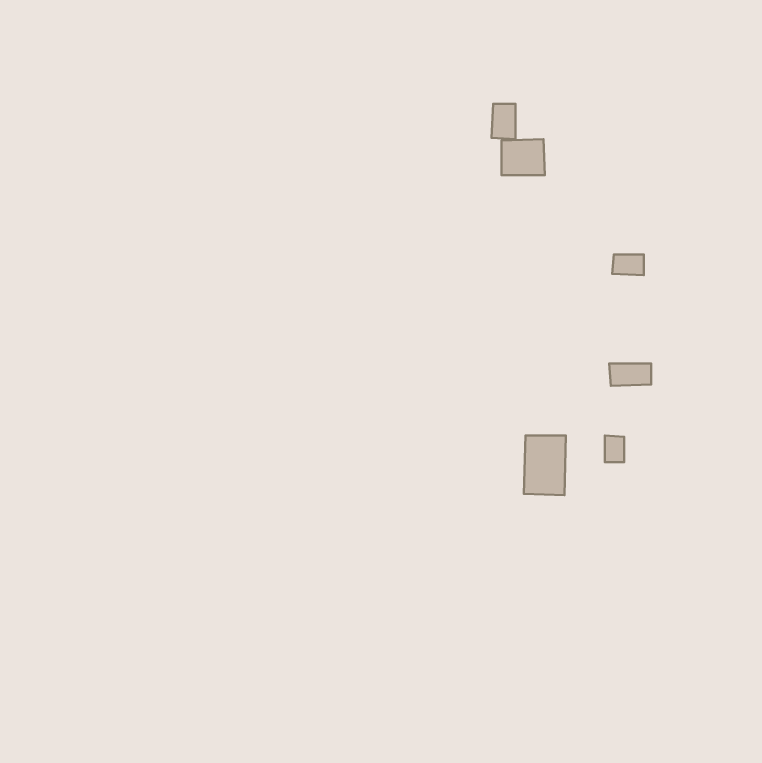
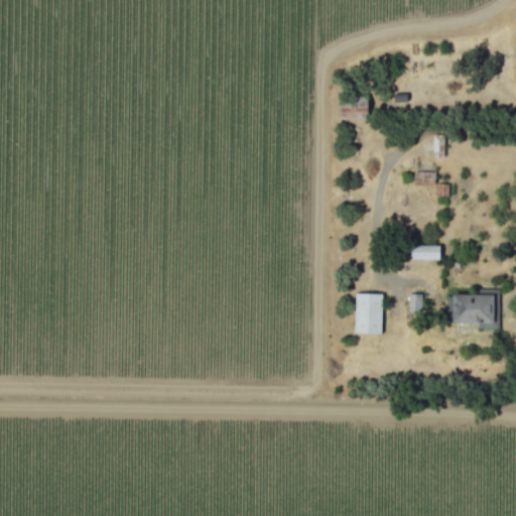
building: [491,104,515,139] -> none
building: none -> [449,289,500,330]

